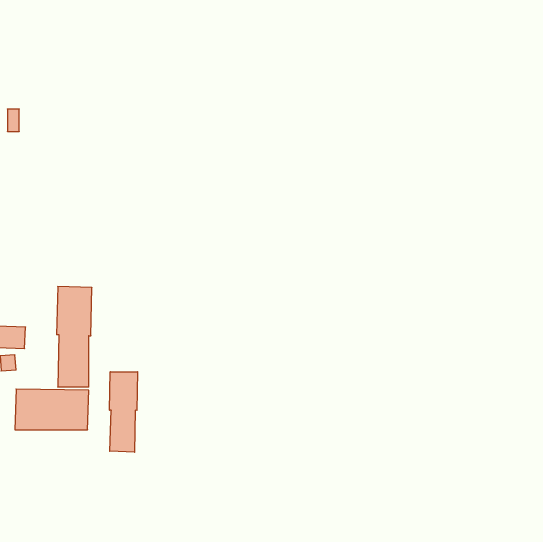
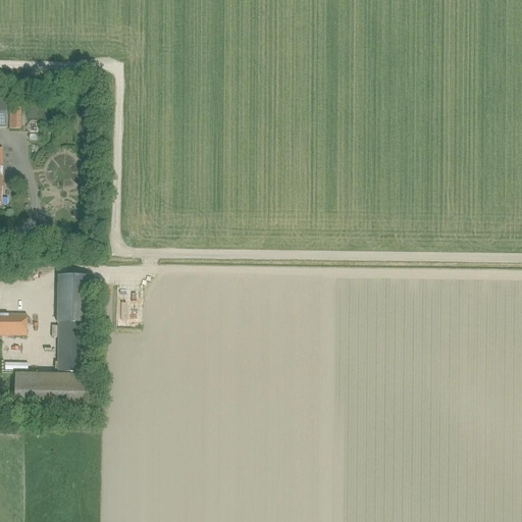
building: [110,372,138,452] -> none

